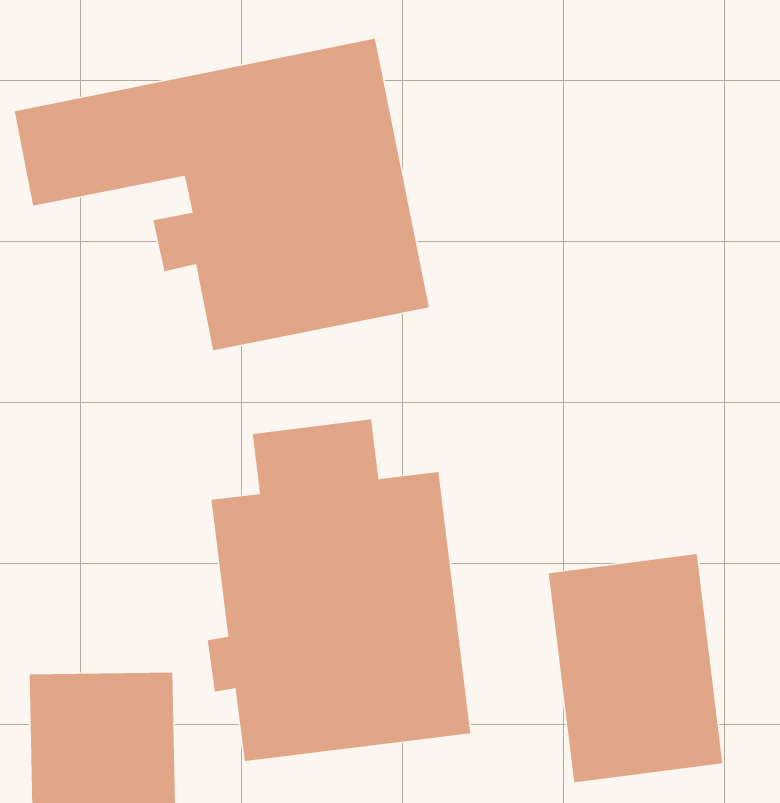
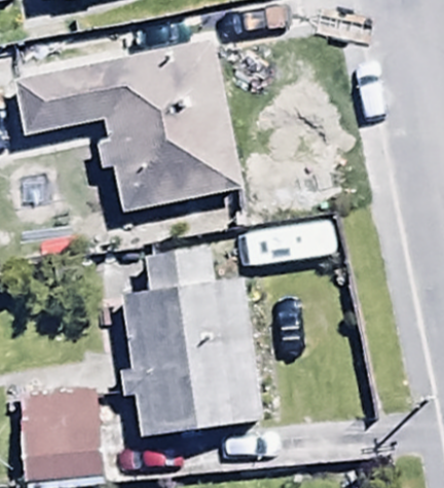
building: [548,553,723,783] -> none

